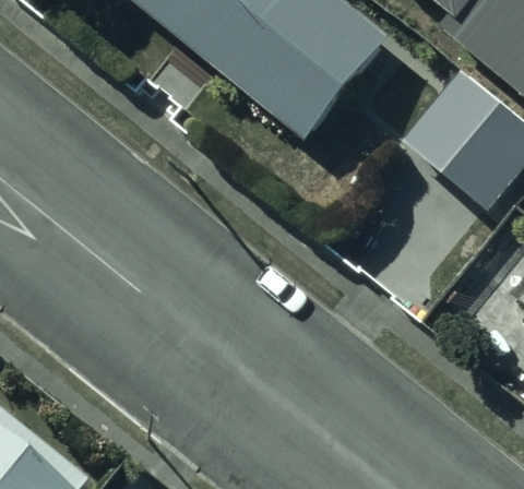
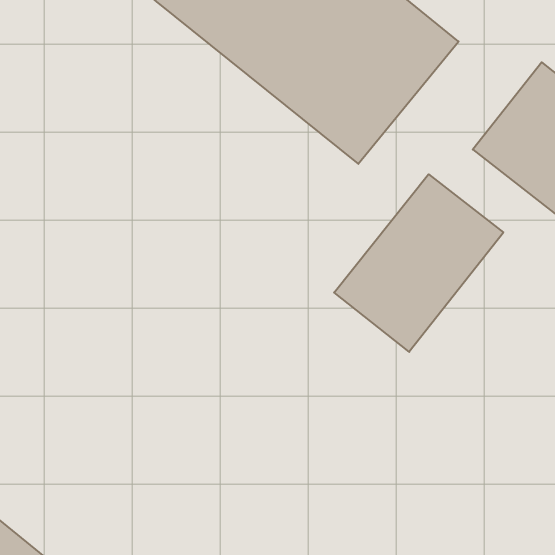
building: none -> [334,174,503,352]

